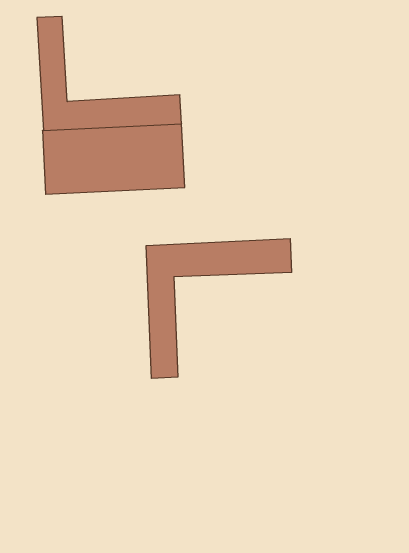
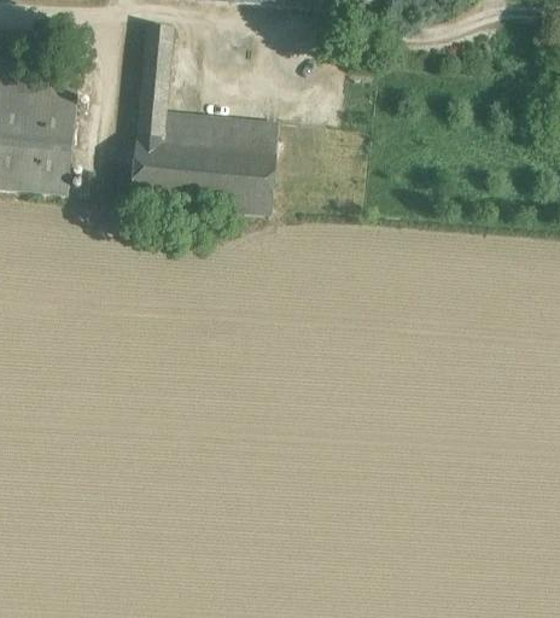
building: [146,239,292,378] -> none

